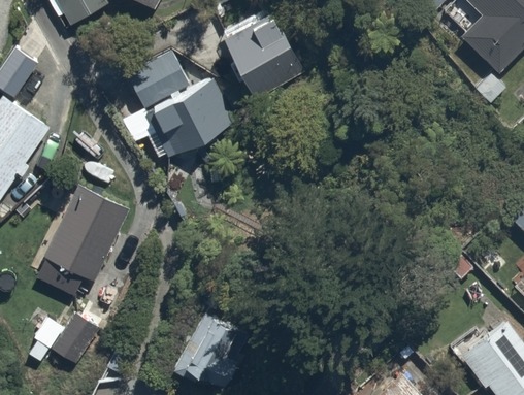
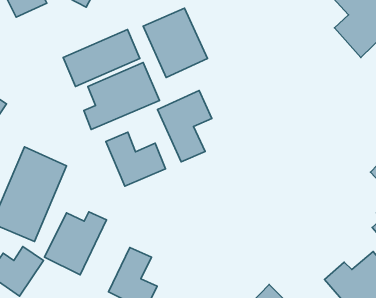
building: none -> [158,90,212,162]
building: none -> [106,132,166,186]
building: none -> [45,212,107,275]

